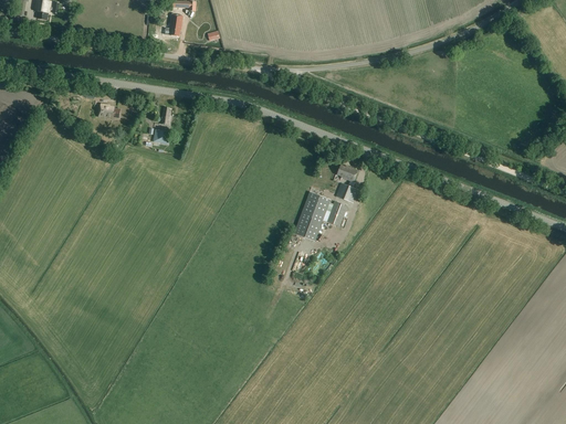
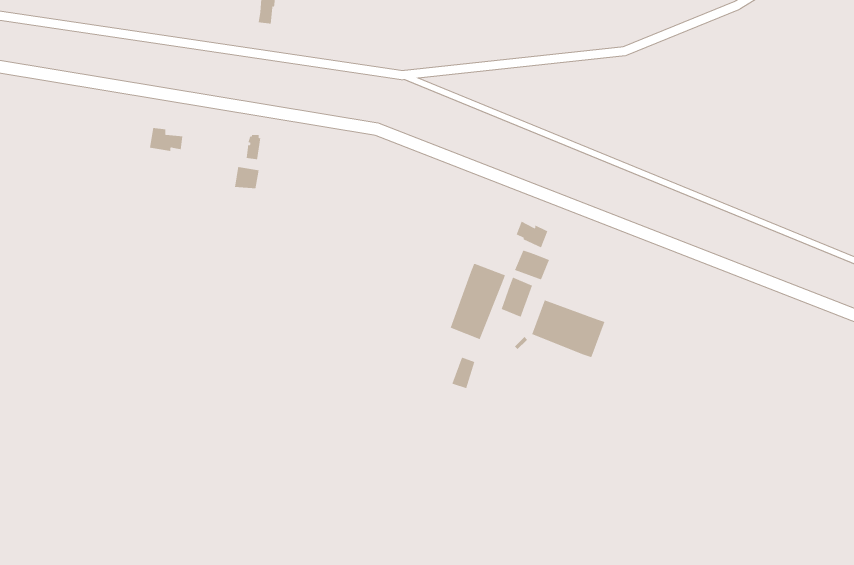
building: none -> [532,300,605,358]

